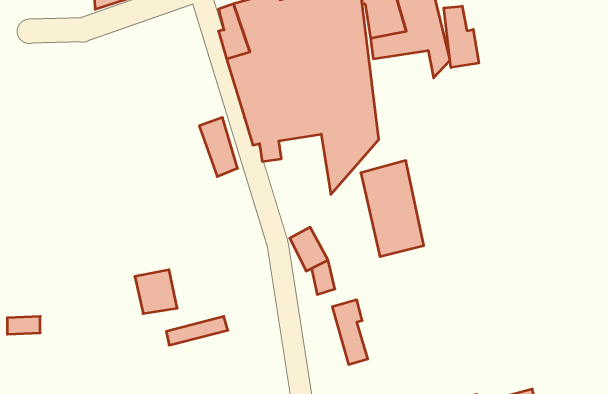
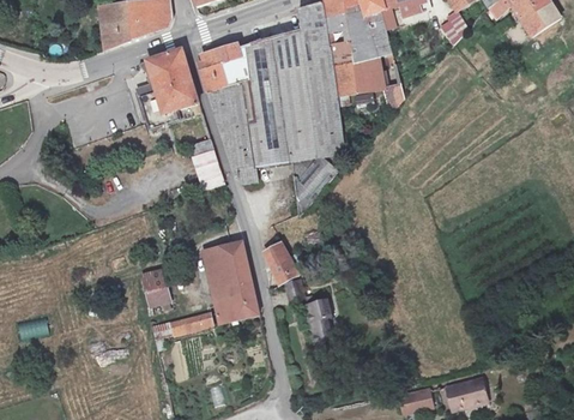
building: [444,6,479,68] -> none
building: none -> [140,46,205,126]
building: [361,161,424,257] -> [201,242,256,326]

